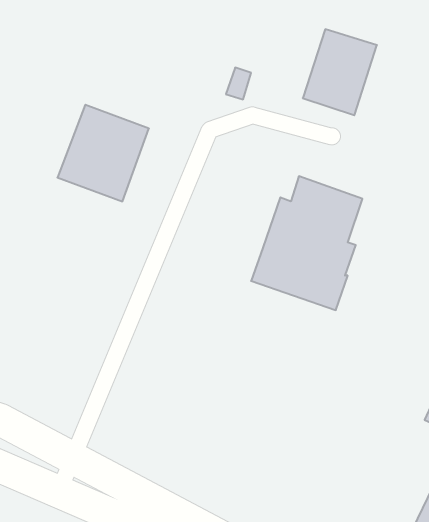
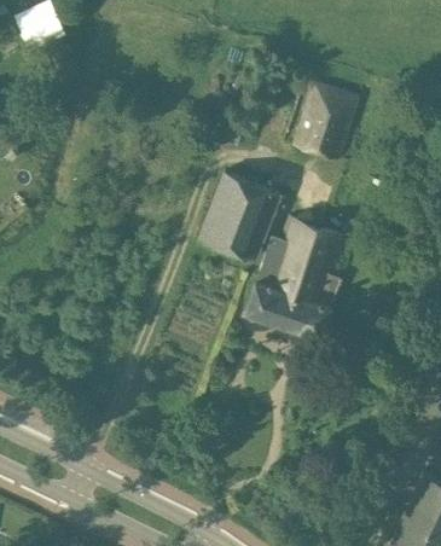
building: [57,105,149,201] -> [197,173,280,261]

